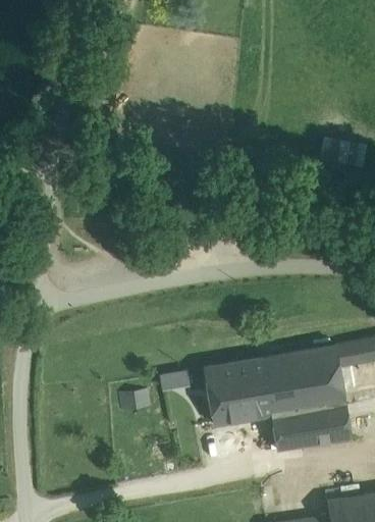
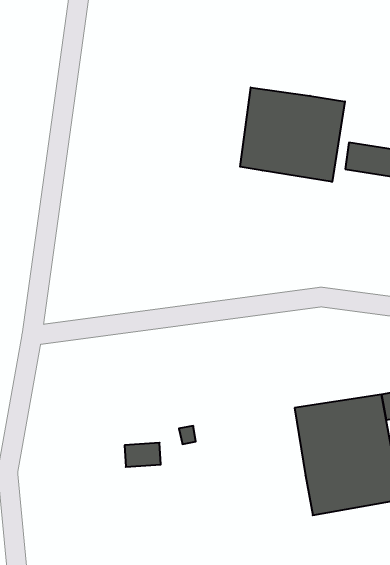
building: none -> [240,87,345,182]
building: [203,358,270,425] -> none

